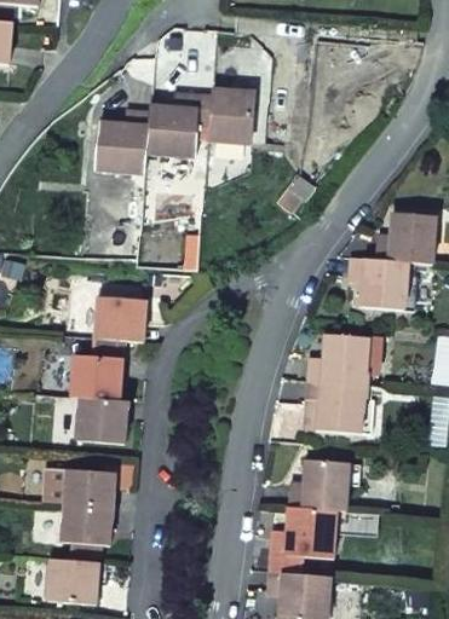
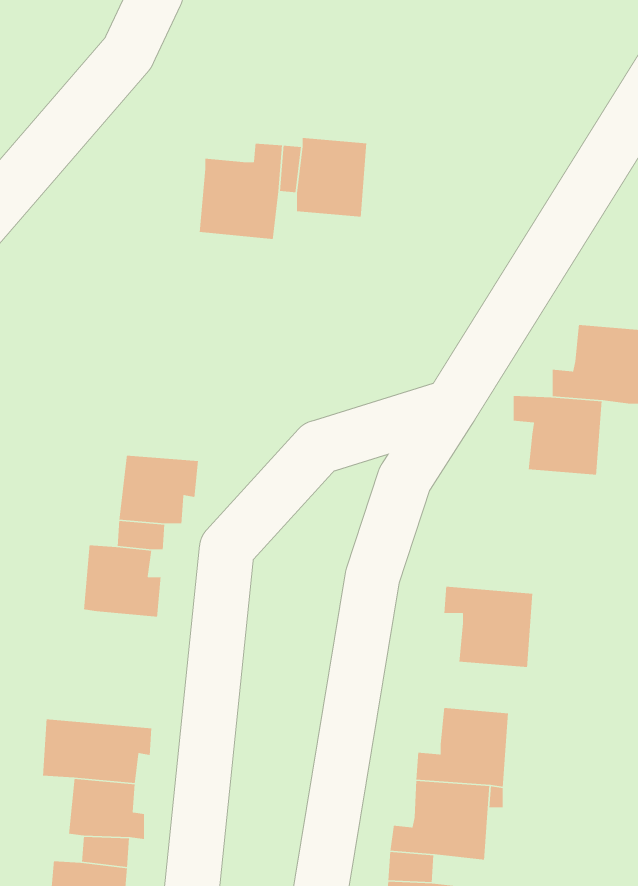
building: [97,110,150,173] -> none
building: [306,334,367,386] -> none
building: [77,398,127,444] -> none

